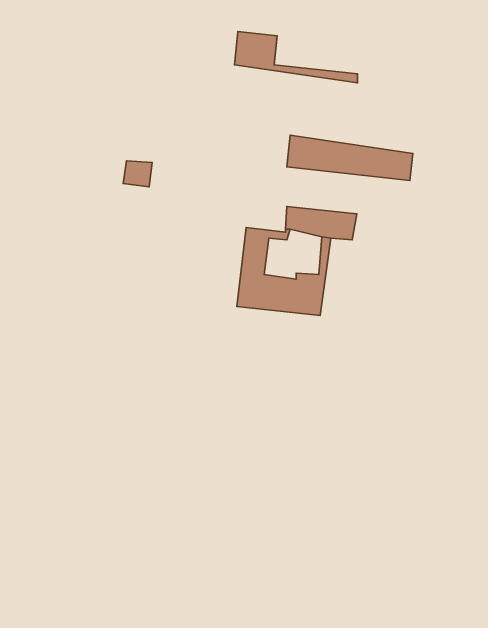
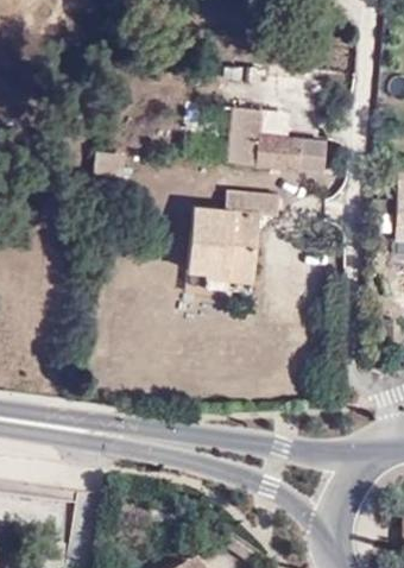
building: [235,31,357,83] -> [229,108,326,149]
building: none -> [209,208,254,247]

